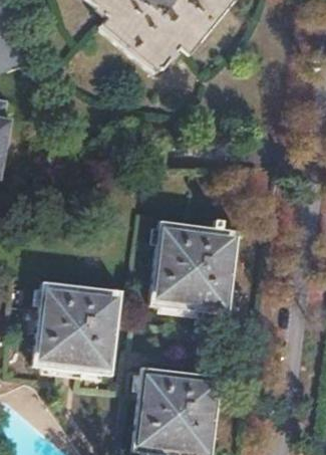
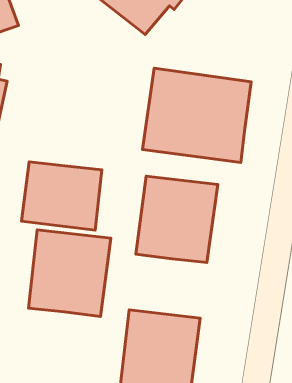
building: none -> [143,68,251,162]
building: none -> [22,162,102,230]

